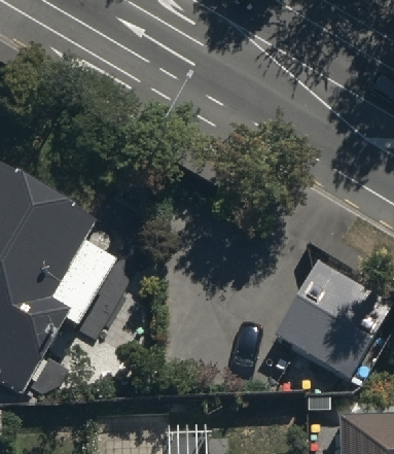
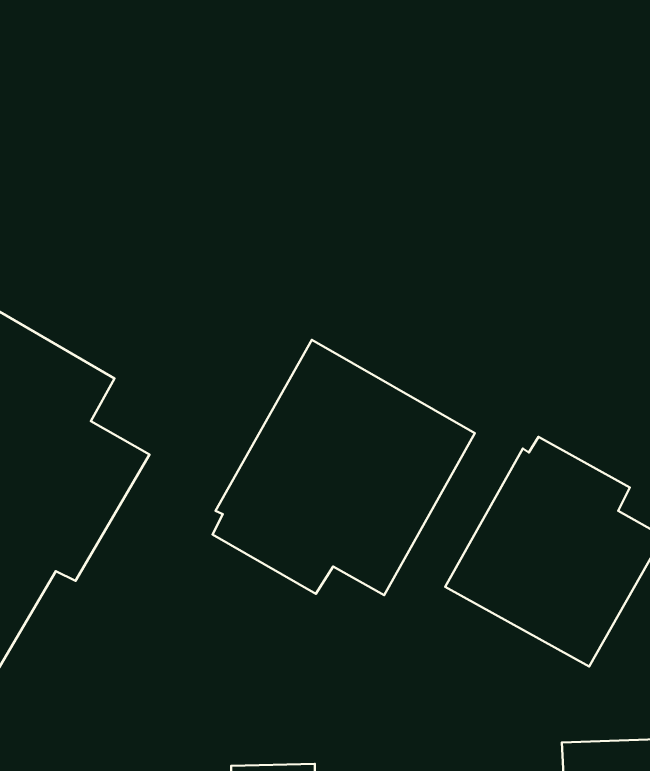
building: none -> [213,340,475,595]

